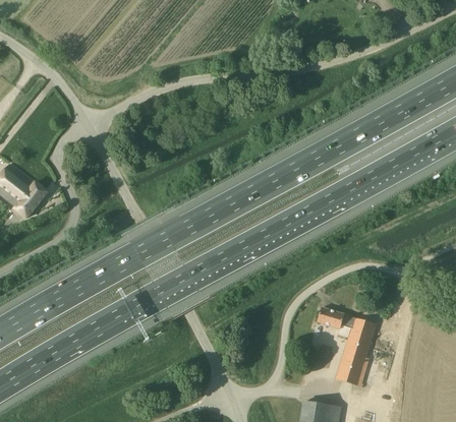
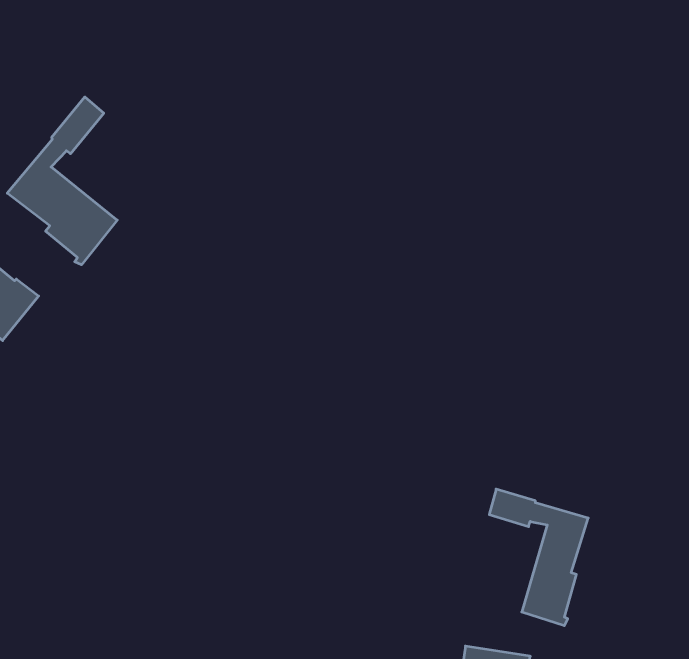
building: none -> [7,97,117,265]

